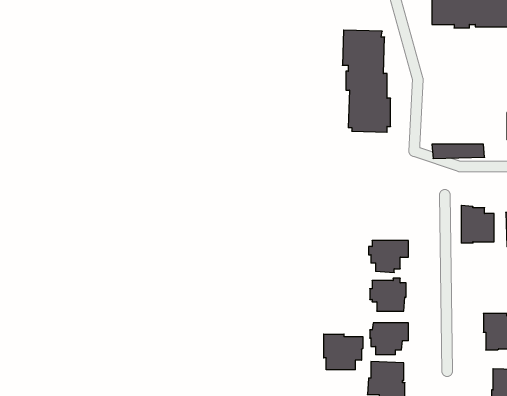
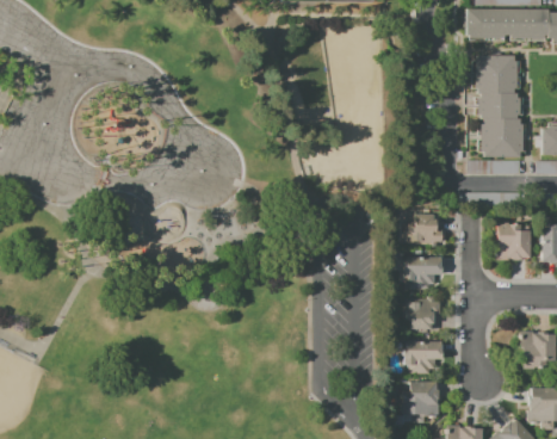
building: [342,30,391,132] -> [475,54,524,157]
building: none -> [406,214,442,247]
building: [324,334,363,370] -> none

